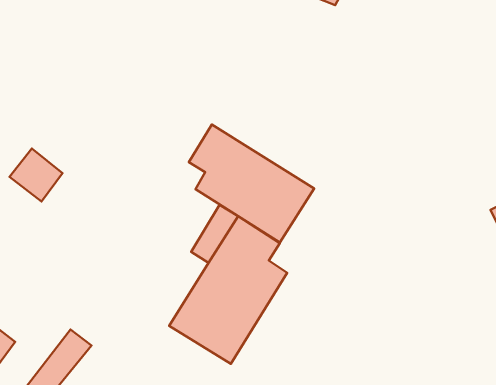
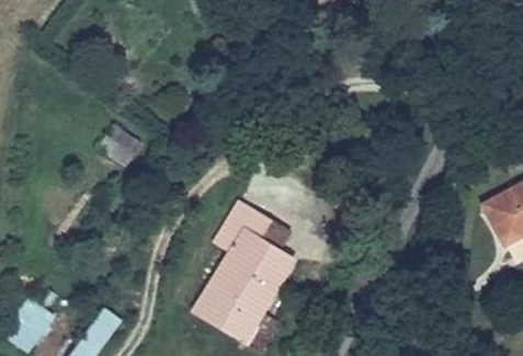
building: [189,125,314,242] -> none
building: [10,149,63,202] -> [96,122,144,169]

